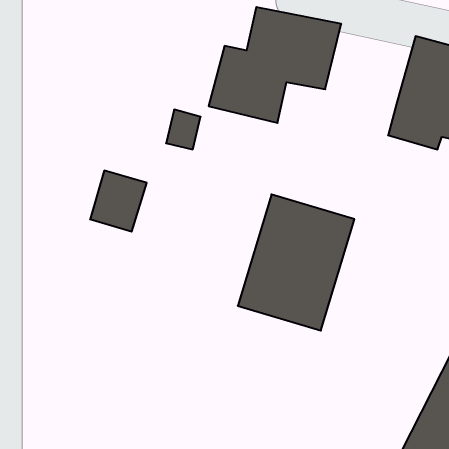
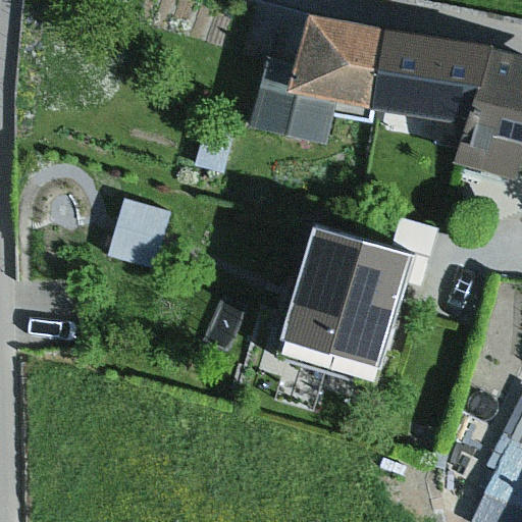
building: none -> [378,31,482,121]

